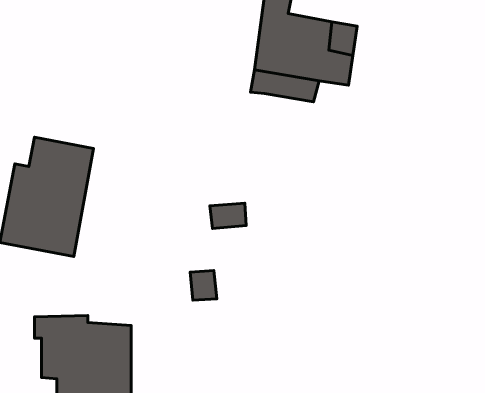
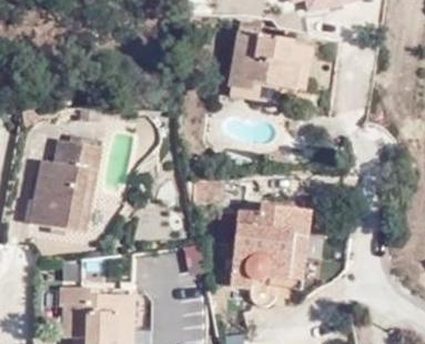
building: none -> [233,211,300,305]

